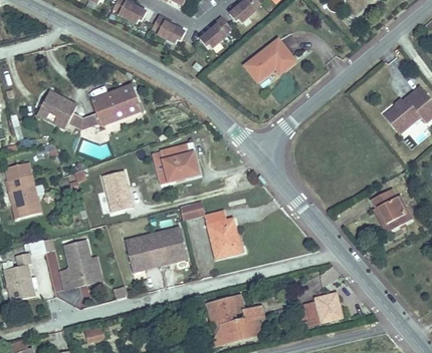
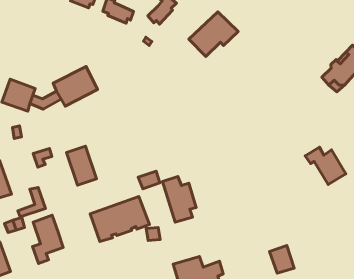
building: [161,149,198,182] -> none
building: [70,261,100,291] -> [18,188,45,217]

